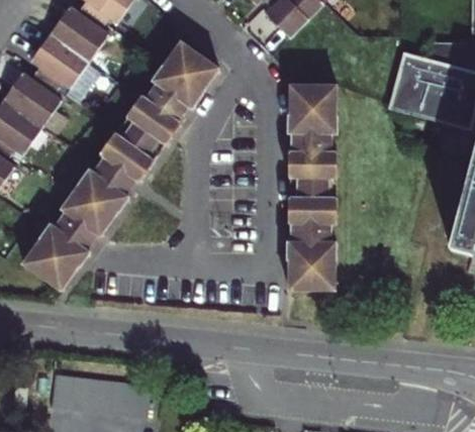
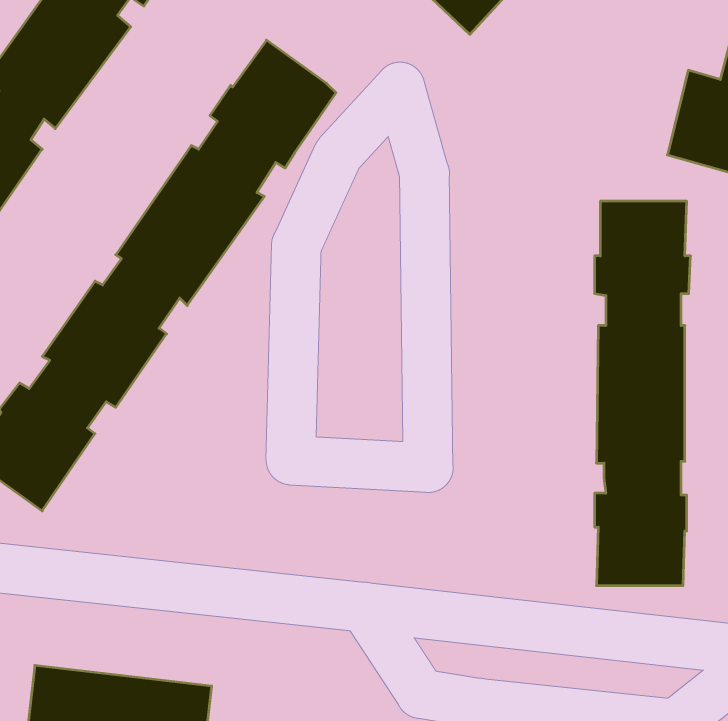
building: [287,85,339,291] -> [595,201,691,586]

